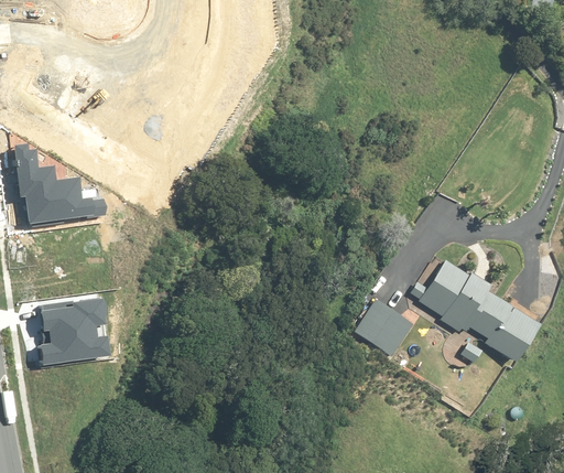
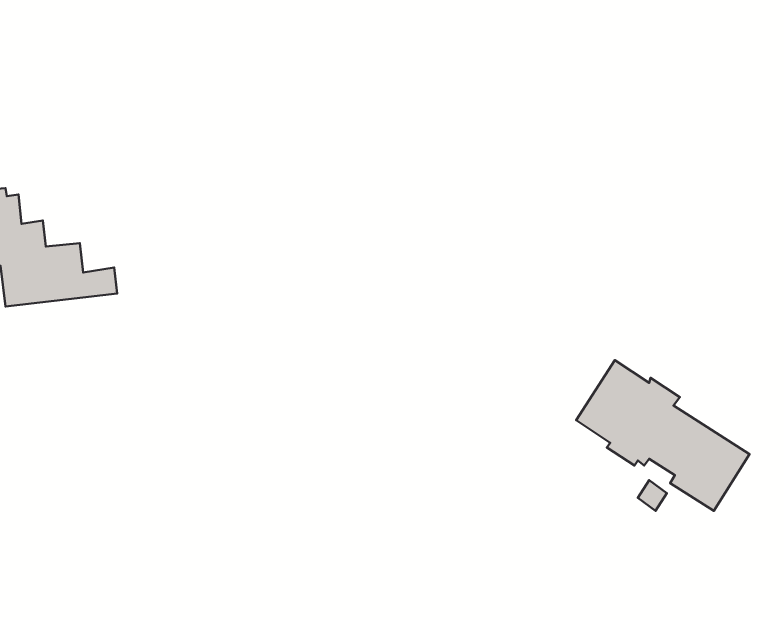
building: [42,295,112,363] -> none
building: [352,299,412,356] -> none

